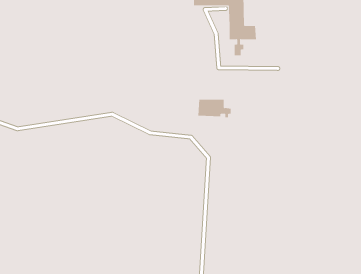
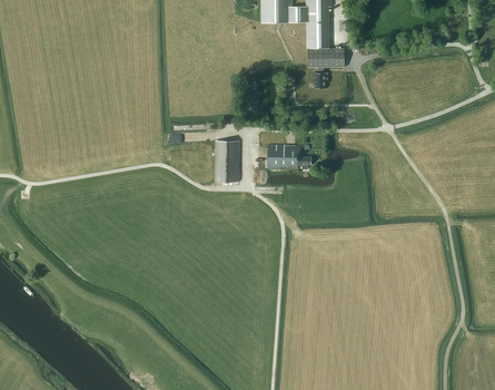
building: none -> [215,140,239,182]

